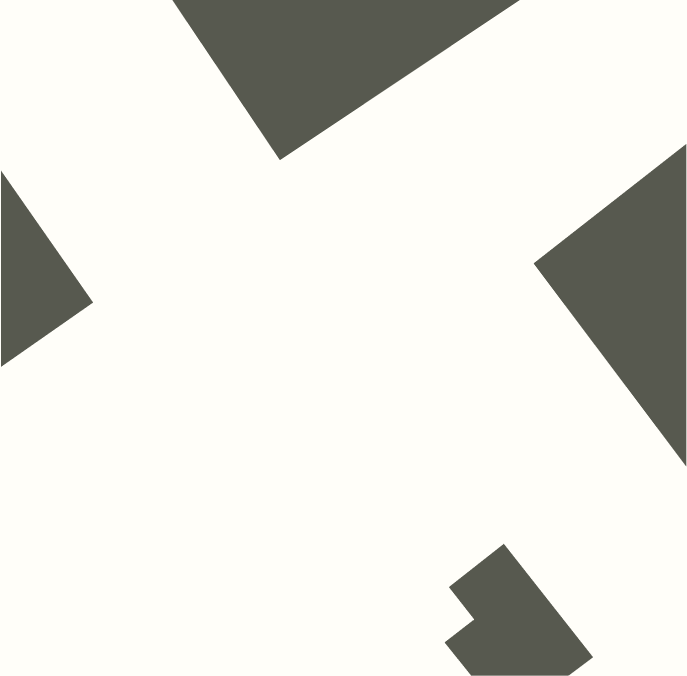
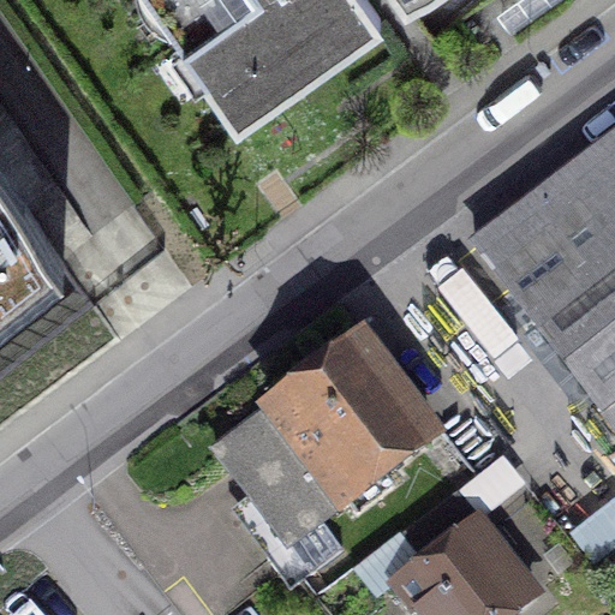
building: none -> [215,333,430,536]

